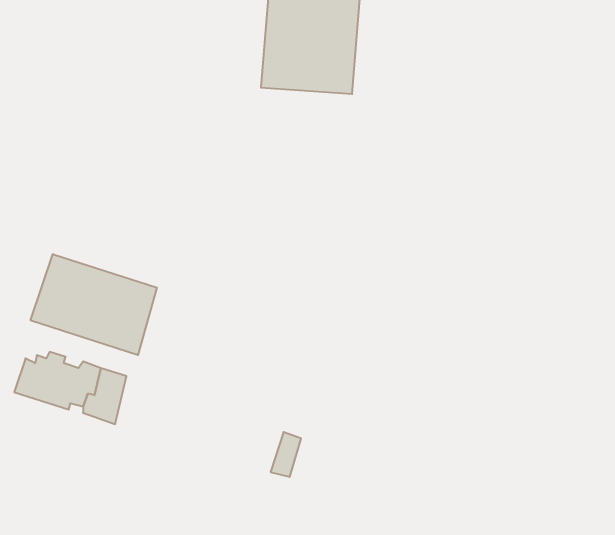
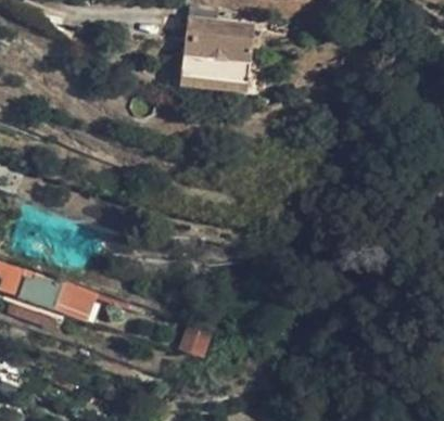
building: [31,254,157,355] -> none

